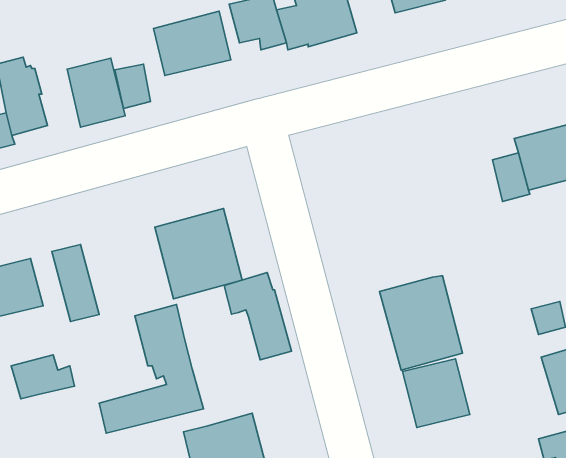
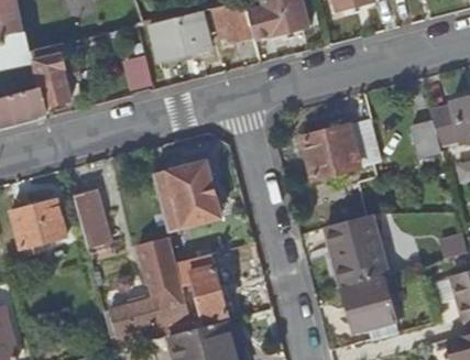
building: [67,58,125,127] -> none
building: none -> [302,120,382,181]
building: [224,273,292,360] -> [175,254,227,321]
building: [11,355,74,399] -> none

